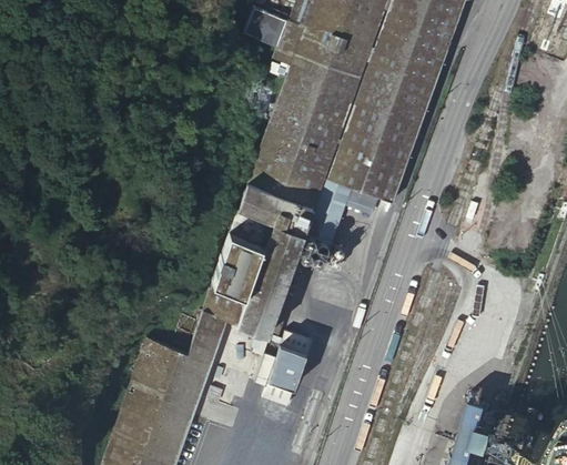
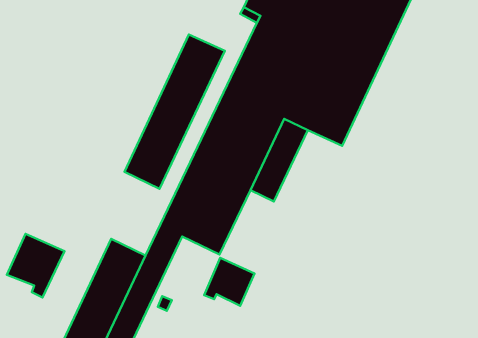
building: none -> [125,35,225,189]
building: none -> [7,234,64,297]

